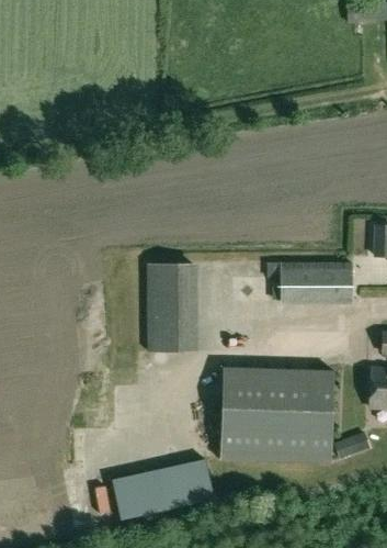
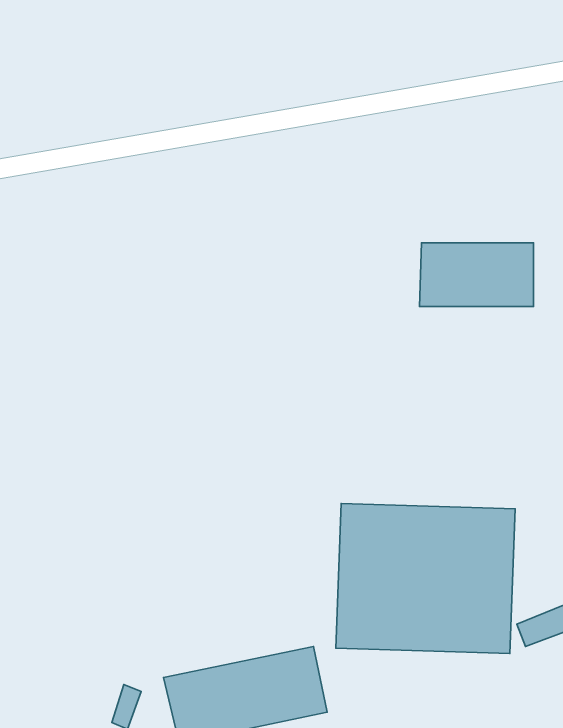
building: [147,262,198,351] -> none
building: [281,262,353,303] -> [420,243,533,307]

